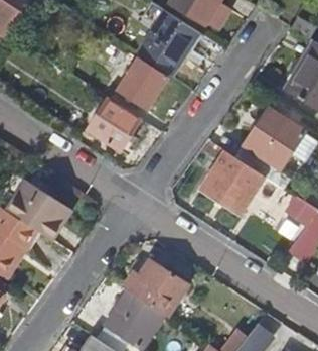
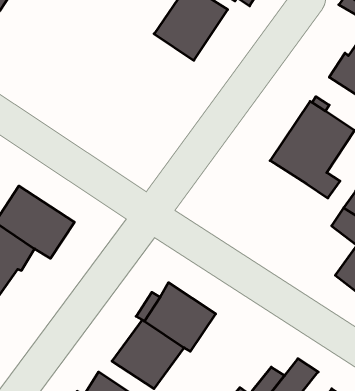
building: [116,56,167,108] -> none
building: [88,99,140,150] -> none
building: [201,151,264,213] -> none

